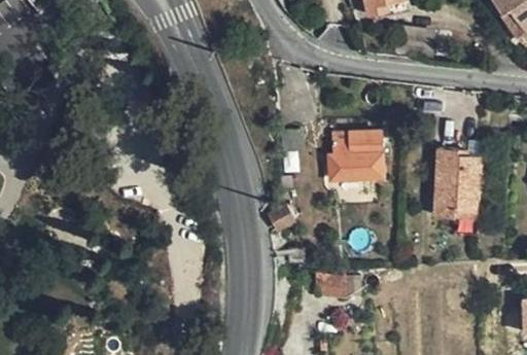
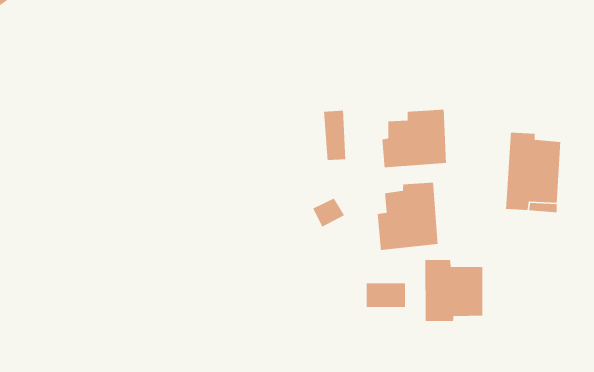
building: none -> [377,182,439,251]
building: none -> [425,259,483,322]

